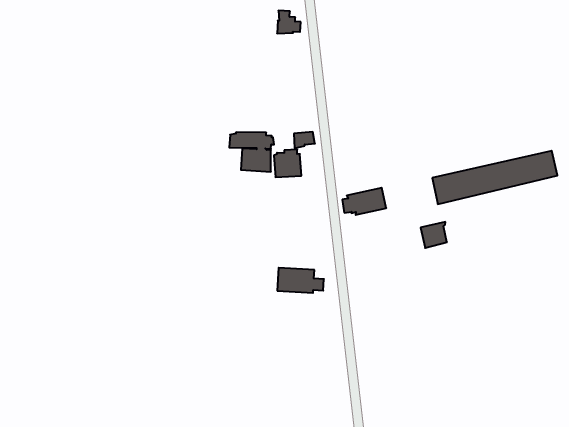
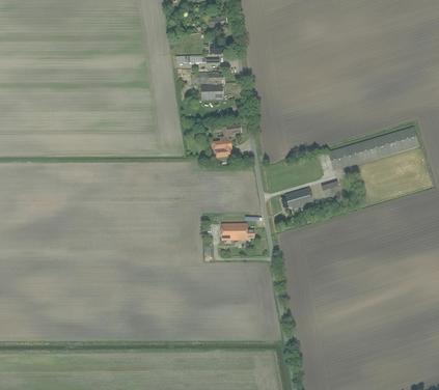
building: [229,132,274,172] -> [191,72,223,100]
building: [342,188,386,215] -> [280,188,312,208]

